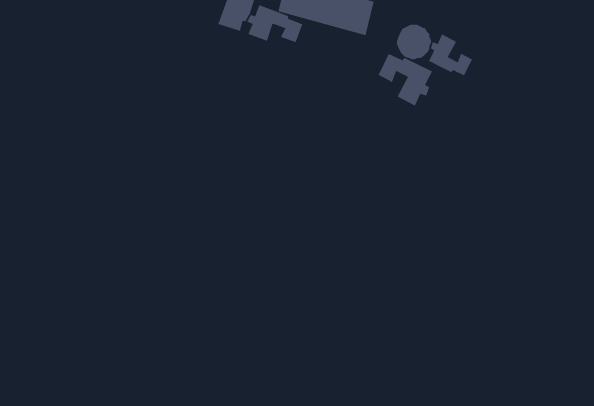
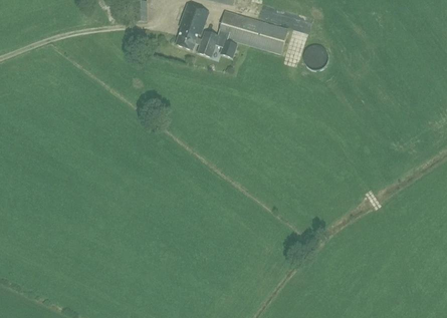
building: [428,34,473,76] -> none
building: [378,53,433,106] -> none

